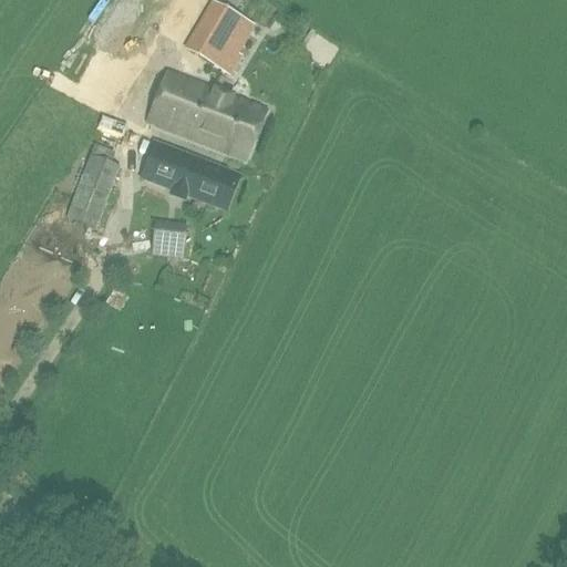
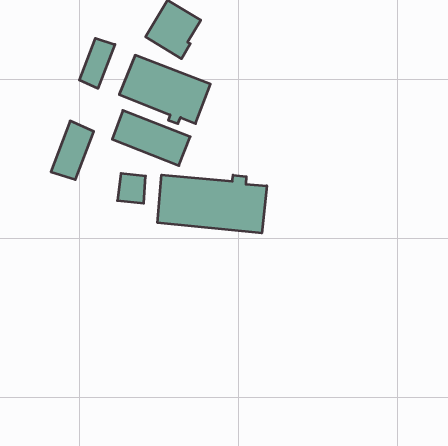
building: none -> [79,38,115,88]
building: none -> [158,175,267,233]

